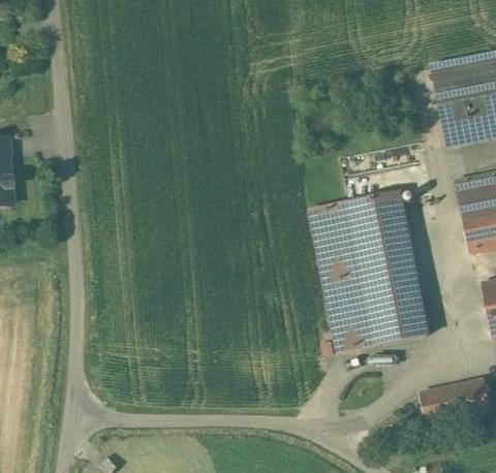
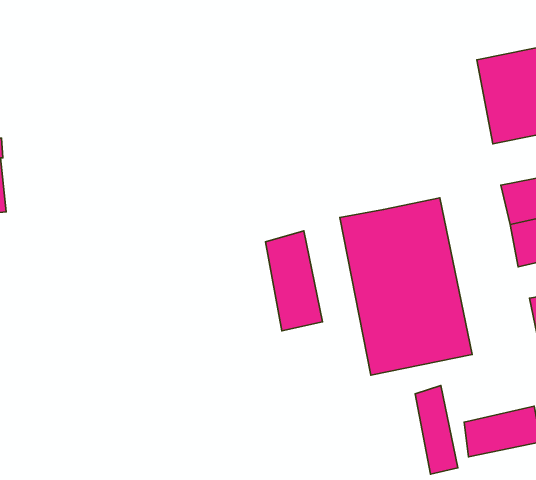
building: none -> [266,231,323,331]
building: none -> [415,386,458,474]

